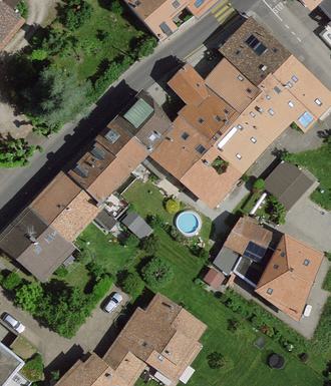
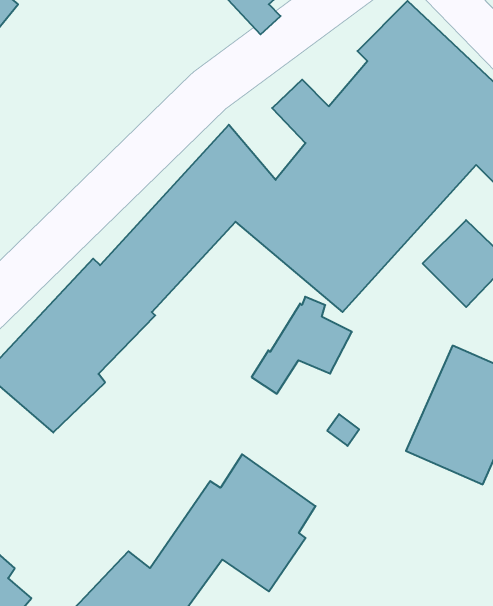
building: [213,216,273,274] -> [252,297,352,394]

